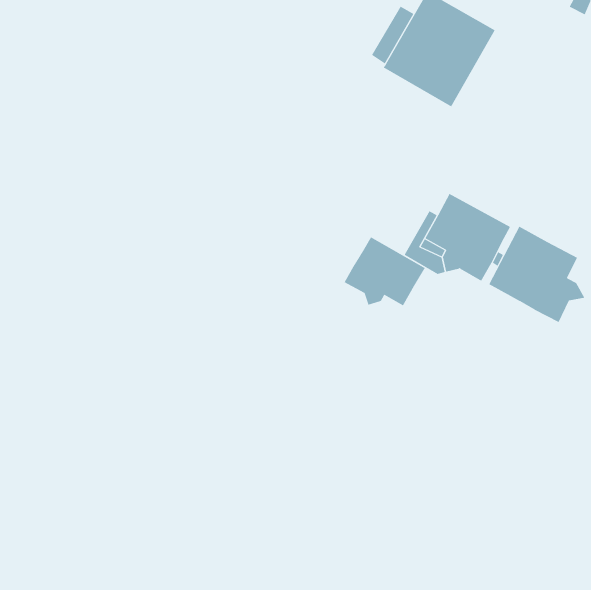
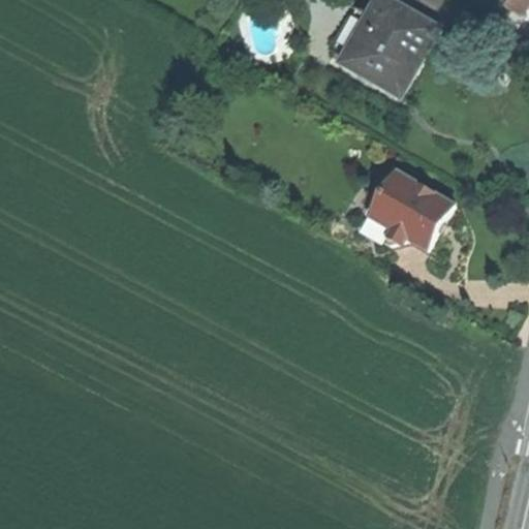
building: [488,226,585,323] -> none
building: [344,236,426,306] -> none

